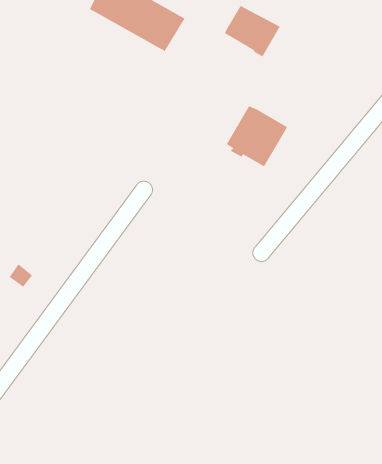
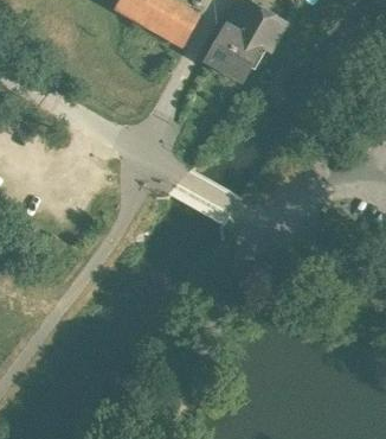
building: [226,105,287,167] -> [206,27,260,82]

